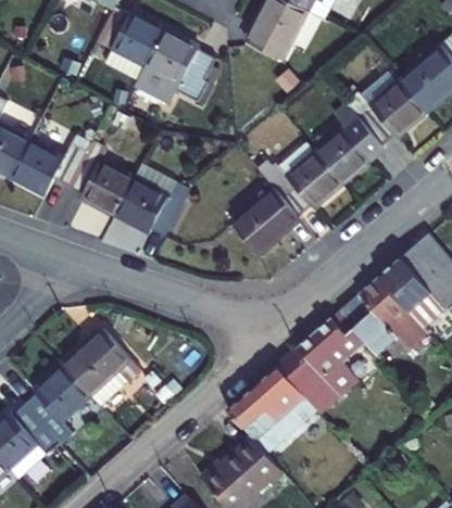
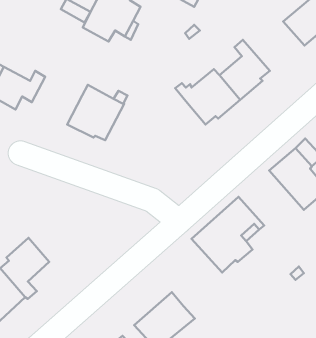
building: [344,79,427,144] -> none
building: [67,152,134,215] -> none
building: [230,187,299,254] -> none
building: [340,276,426,353] -> none
building: [63,329,142,406] -> none
building: [228,366,318,455] -> none

